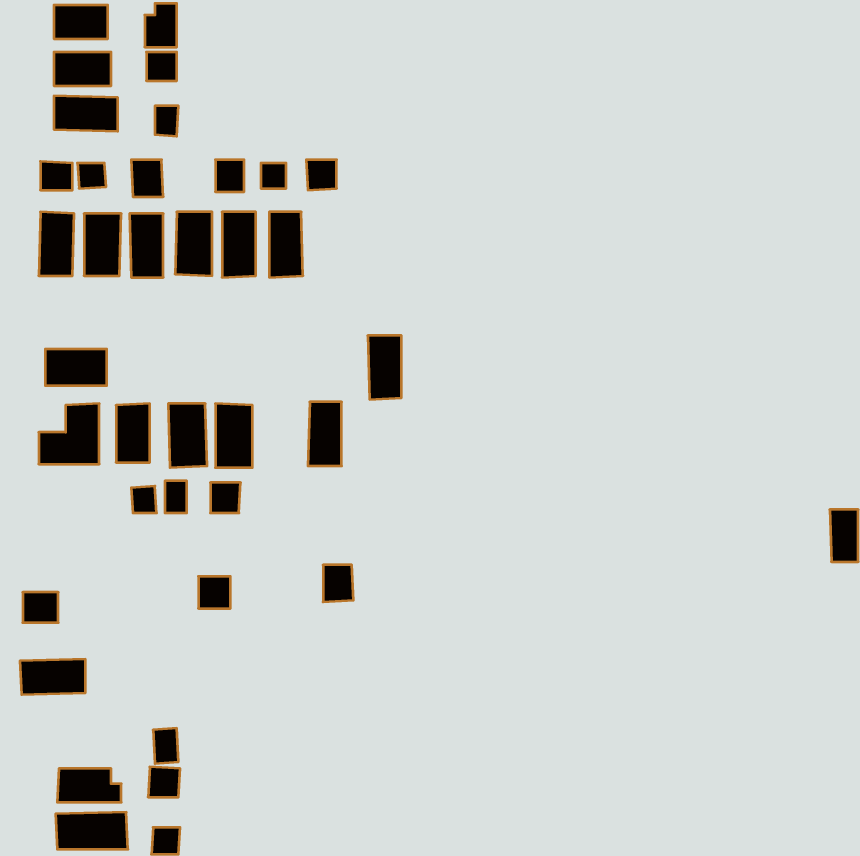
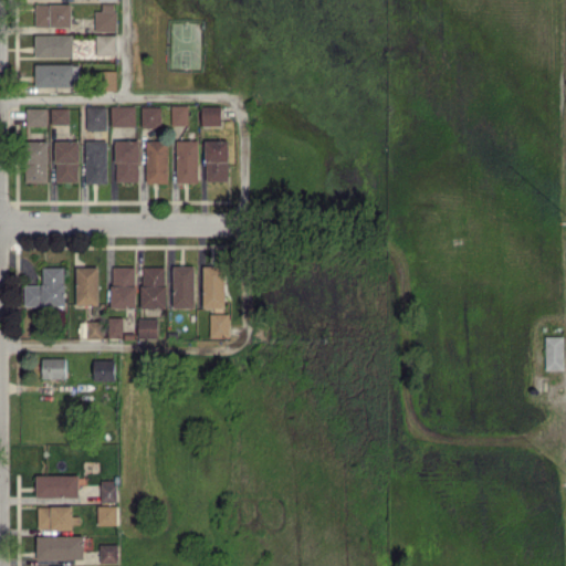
building: none -> [111,107,135,128]
building: none -> [206,142,229,182]
building: [368,336,401,399] -> [172,268,195,310]
building: [45,349,107,386] -> none
building: [323,565,353,602] -> [210,315,230,339]
building: [198,576,230,608] -> [94,360,115,381]
building: [23,592,58,623] -> [42,359,65,379]
building: [20,659,85,695] -> [35,475,78,499]

